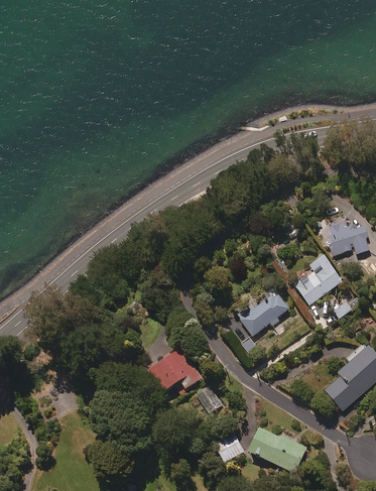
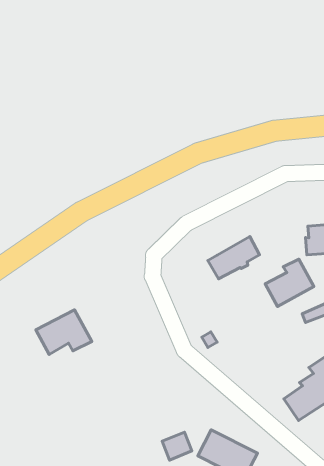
building: [239,291,287,335] -> [208,237,260,279]
building: [147,349,202,394] -> [36,310,92,355]
building: [195,384,222,412] -> none

